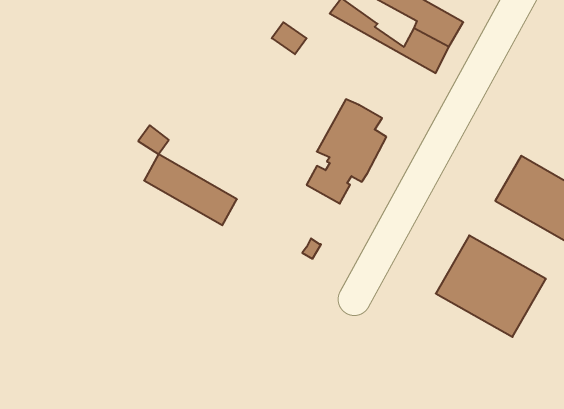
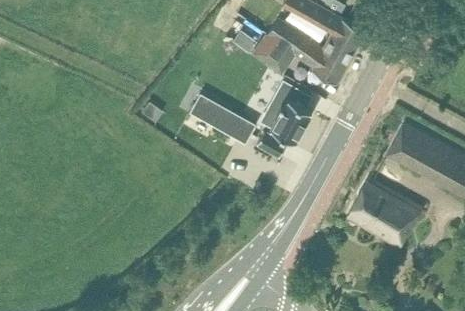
building: none -> [252,25,345,83]
building: [144,154,237,225] -> [190,93,254,142]

